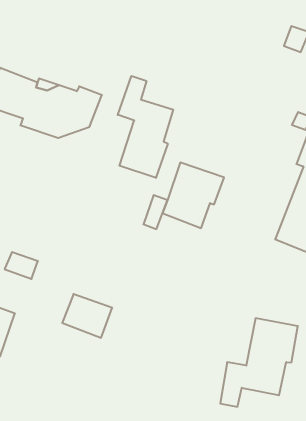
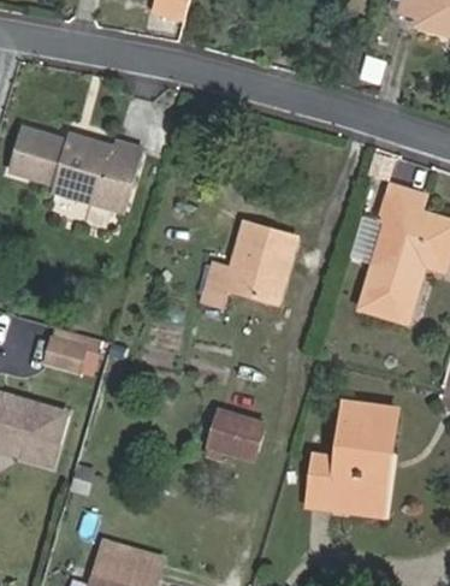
building: [118,76,173,178] -> none
building: [62,294,112,338] -> [206,412,264,461]
building: none -> [330,451,390,514]

